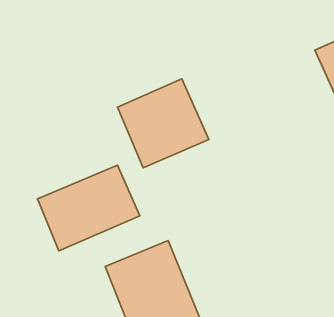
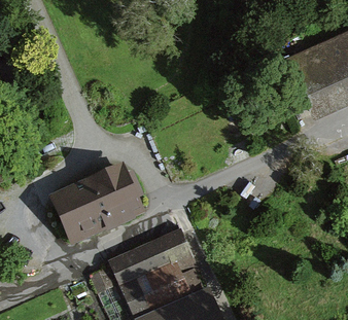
building: [118,79,209,168] -> none

